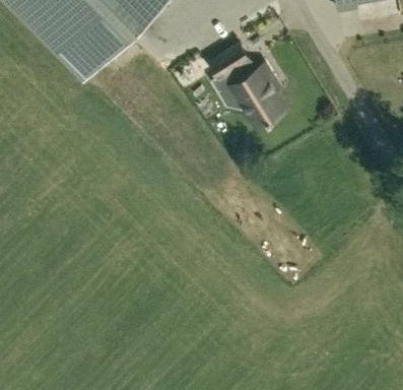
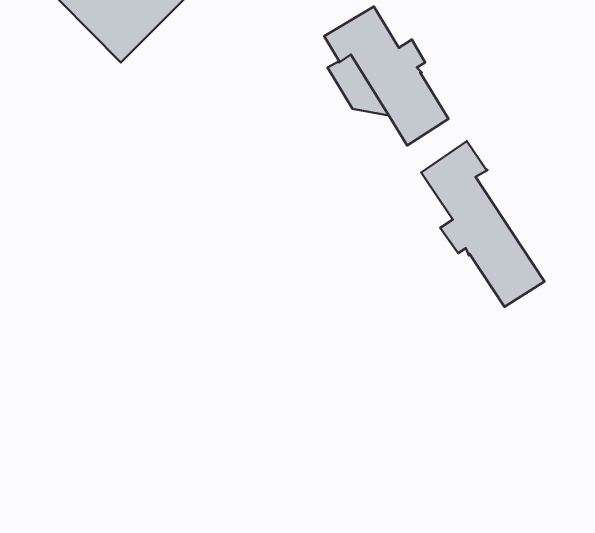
building: none -> [421,141,544,307]

